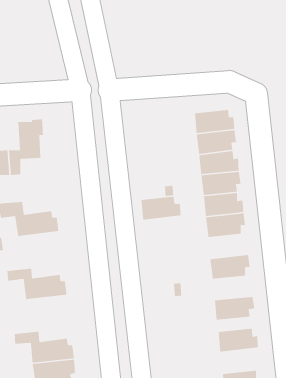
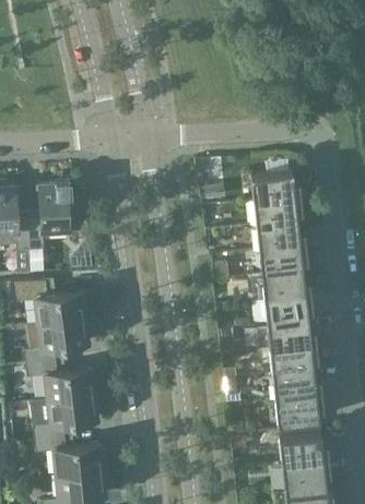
building: [141,196,182,220] -> [266,322,315,351]
building: none -> [22,319,90,365]
building: none -> [271,372,320,400]
building: none -> [32,395,99,441]
building: none -> [280,458,329,489]

